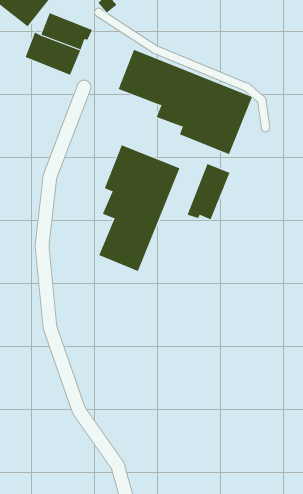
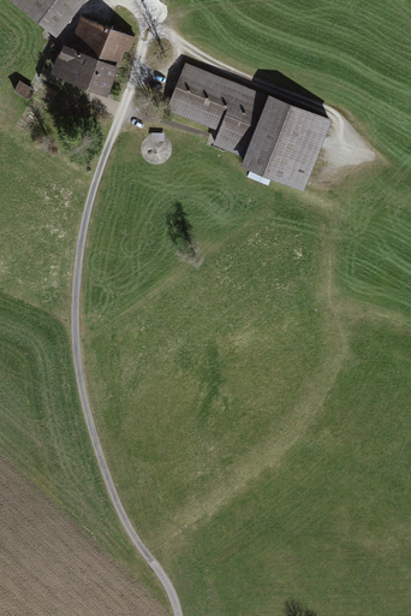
building: [99,145,180,272] -> none
building: [187,163,230,220] -> none

